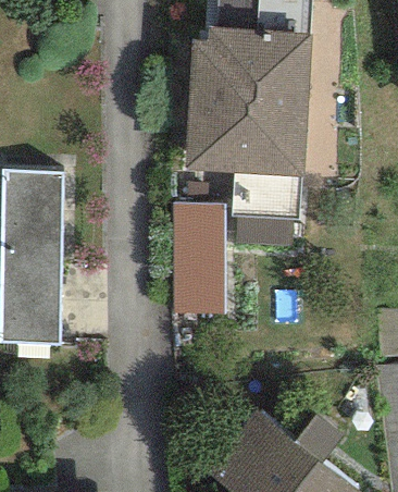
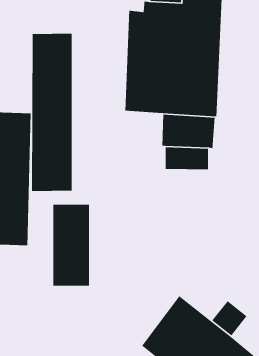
building: none -> [31,33,73,192]
building: [175,207,223,313] -> [53,204,90,287]

